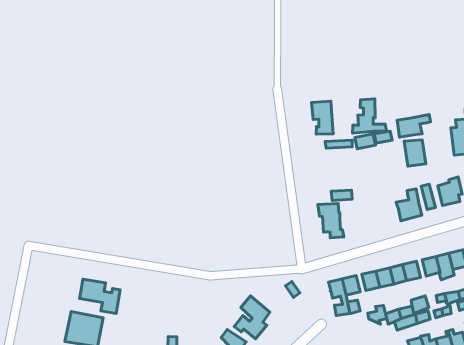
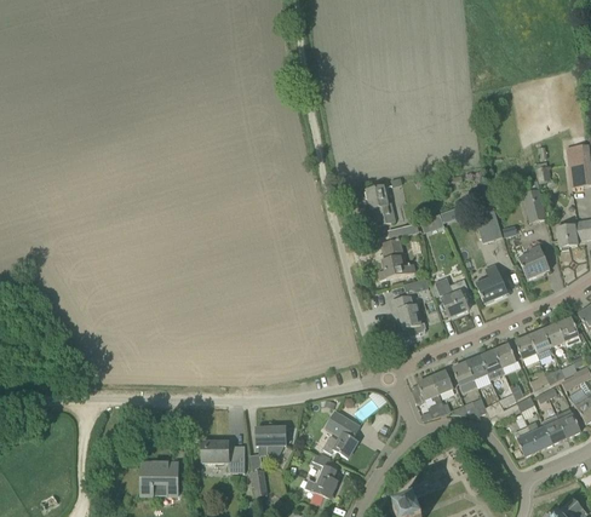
building: [353,99,386,133] -> [378,237,415,278]
building: [397,115,431,137] -> none
building: none -> [435,276,470,316]
building: [80,279,120,314] -> [202,440,245,471]
building: none -> [256,424,291,458]

